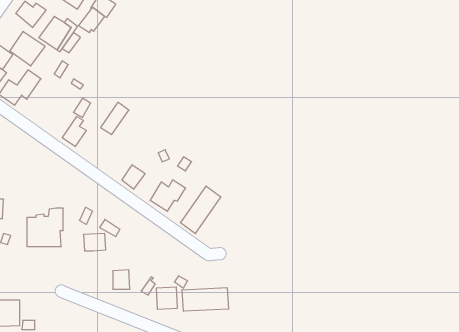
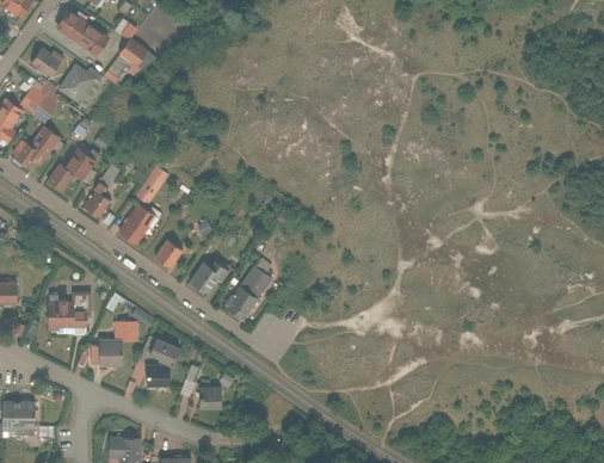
building: none -> [45,144,93,190]
building: none -> [119,209,155,246]
building: none -> [149,337,181,365]
building: none -> [98,341,121,365]
building: [182,288,229,311] -> none

